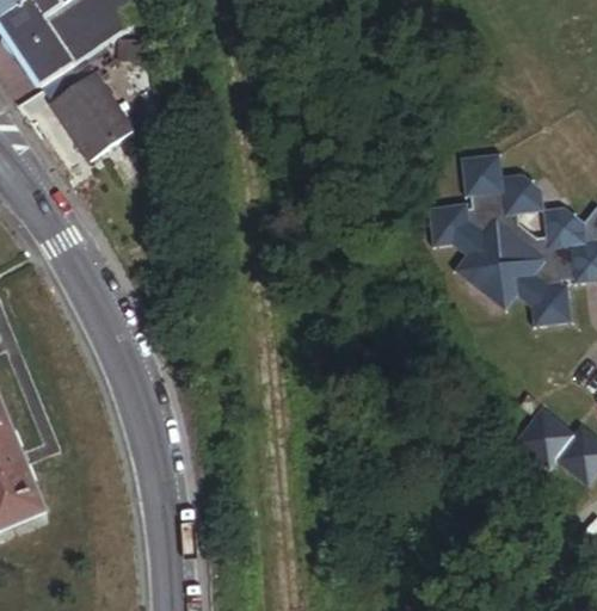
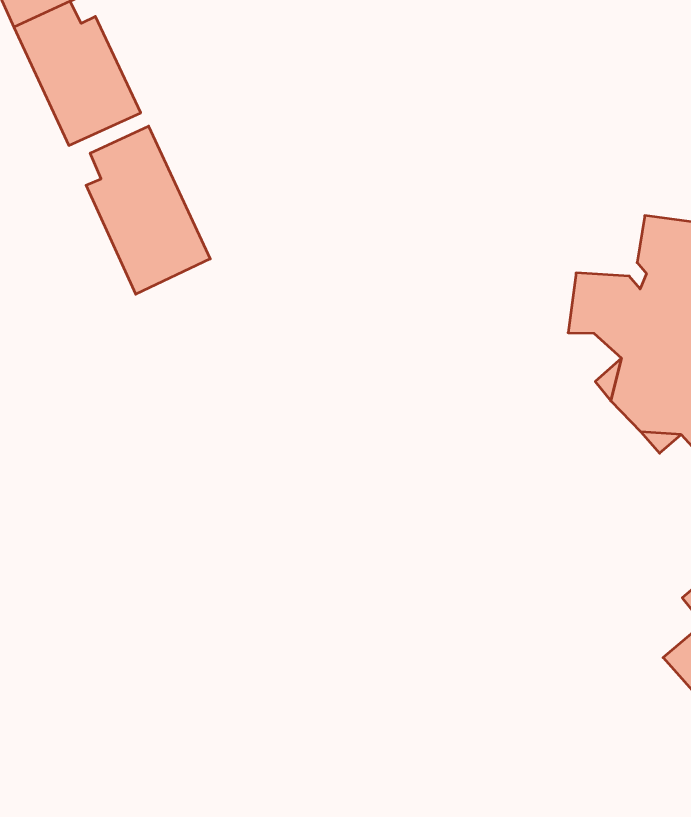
building: none -> [86,126,210,294]

